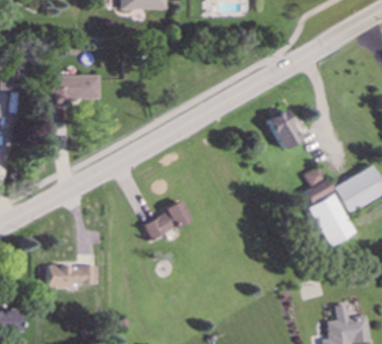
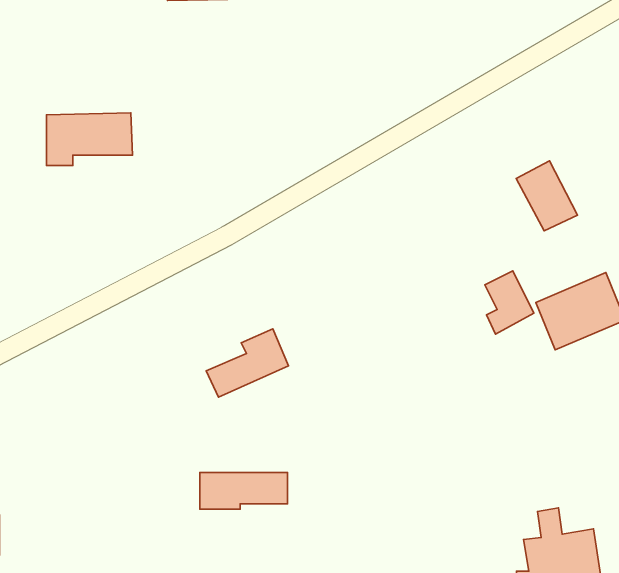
building: [265,108,301,148] -> [516,161,578,231]
building: [308,193,355,246] -> none
building: [47,266,98,287] -> [200,472,288,509]

